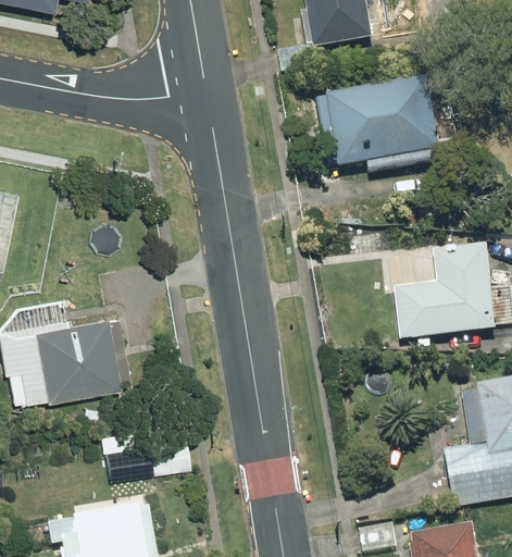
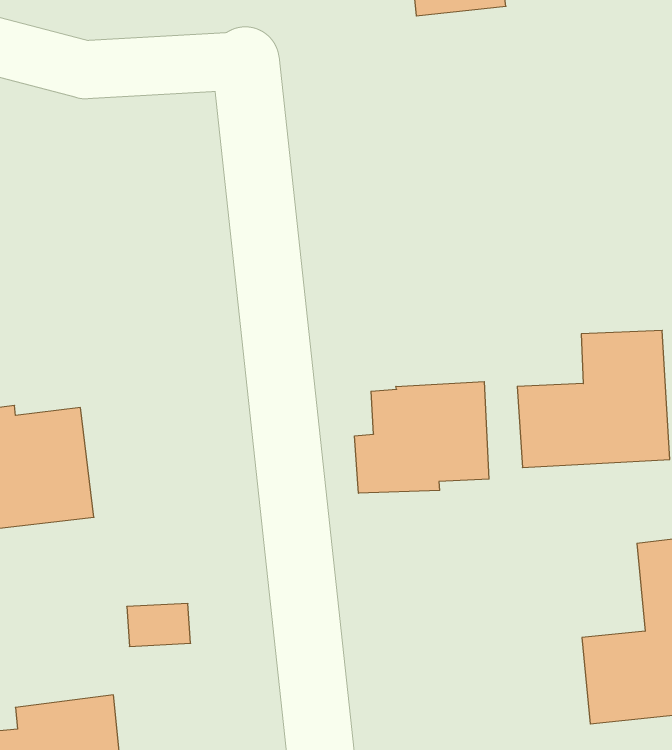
building: [325,78,438,169] -> none
building: none -> [355,382,489,493]

